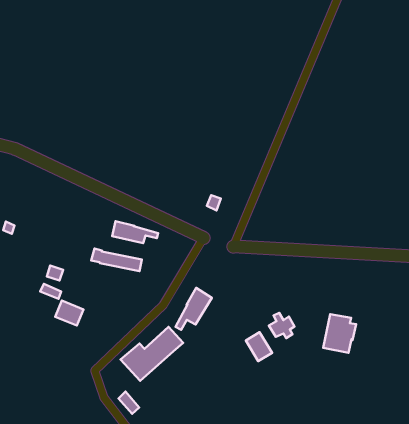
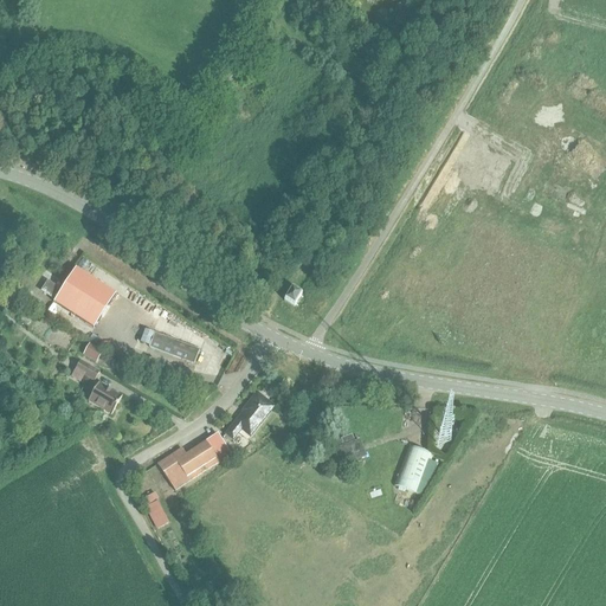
building: none -> [53,266,115,324]
building: [112,221,158,243] -> none
building: [246,332,272,361] -> none

